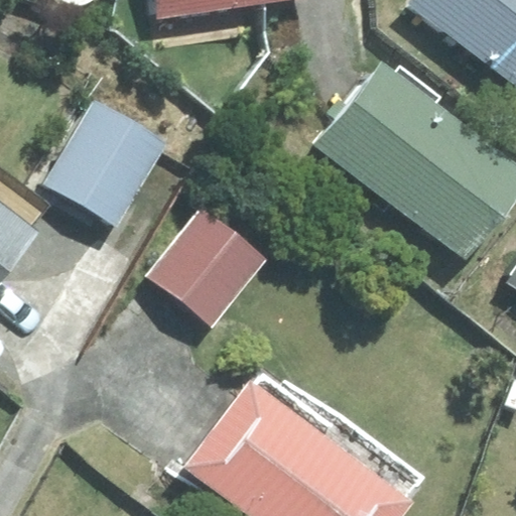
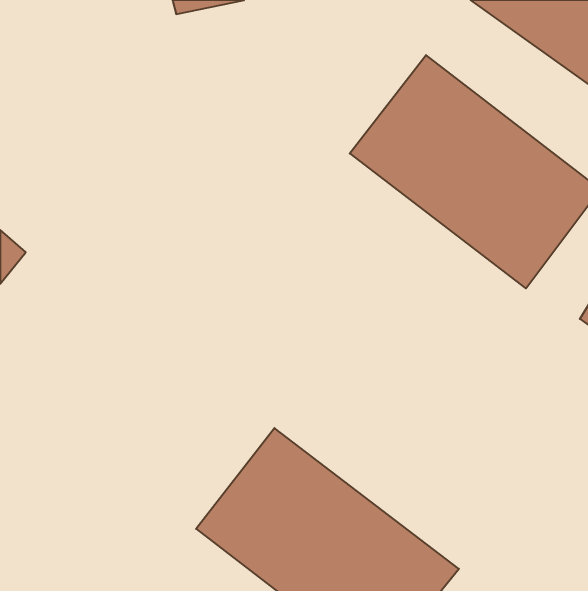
building: [45,88,176,228] -> none
building: [149,208,269,329] -> none

